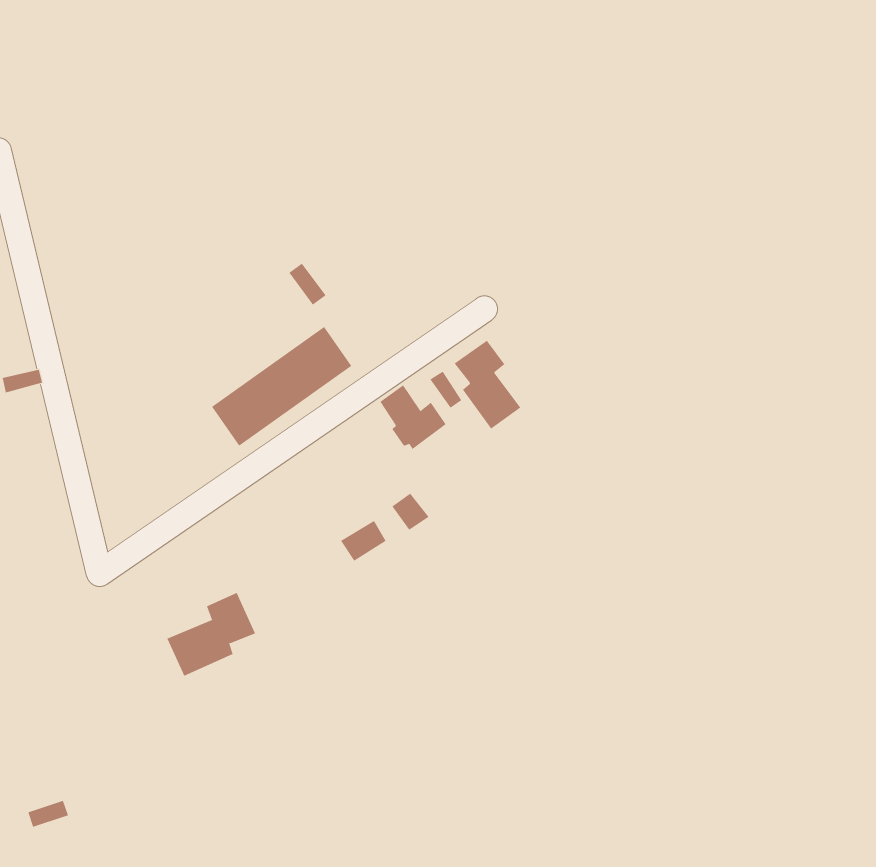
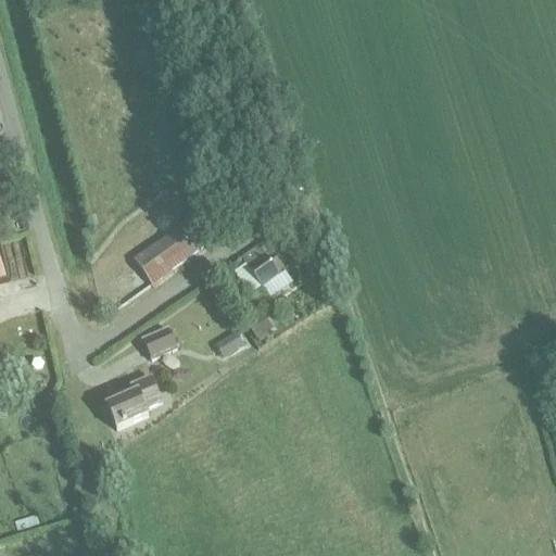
building: [454,340,521,430] -> none
building: none -> [142,327,176,358]

